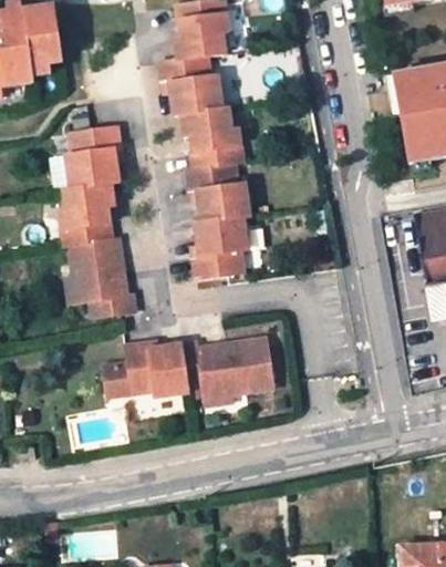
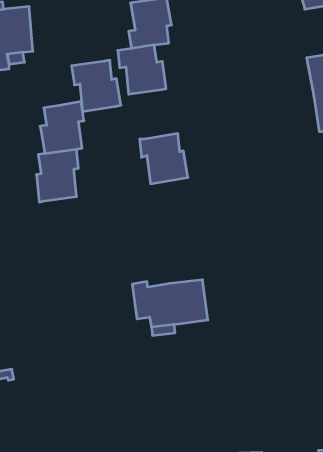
building: [180,107,240,169] -> [72,60,121,111]
building: [194,217,246,279] -> none
building: [71,238,136,318] -> none
building: [102,344,186,396] -> none

